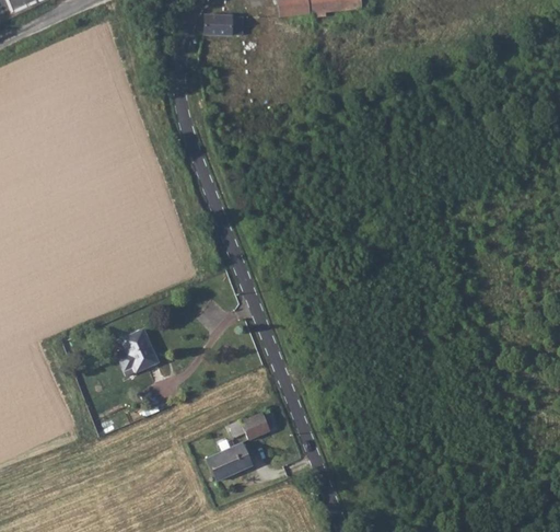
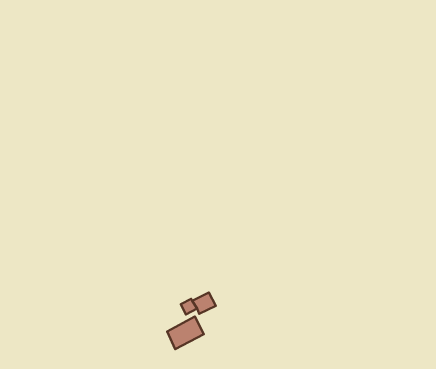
building: [121,328,158,371] -> none

